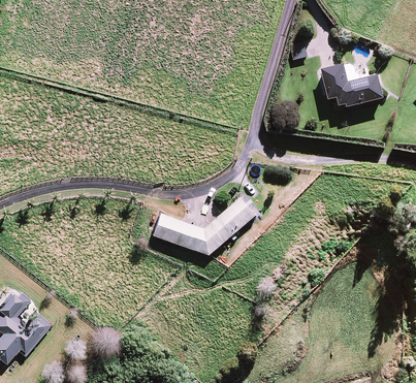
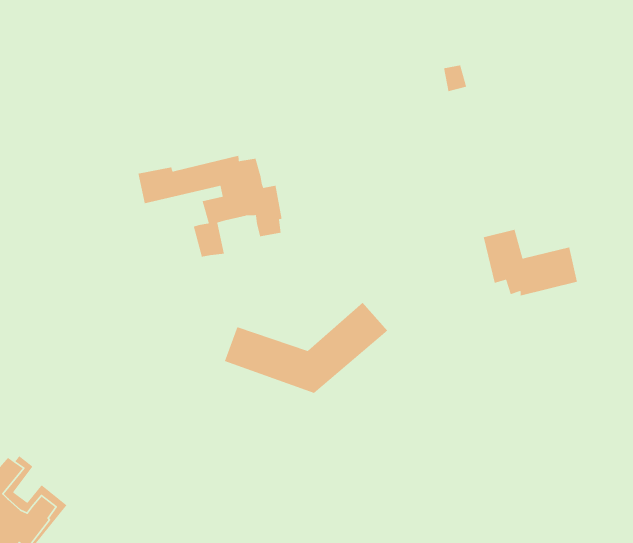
building: [323,66,384,109] -> [483,229,578,297]
building: none -> [138,155,282,258]

